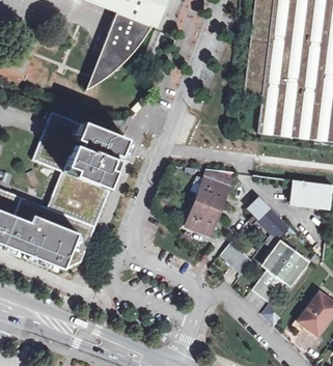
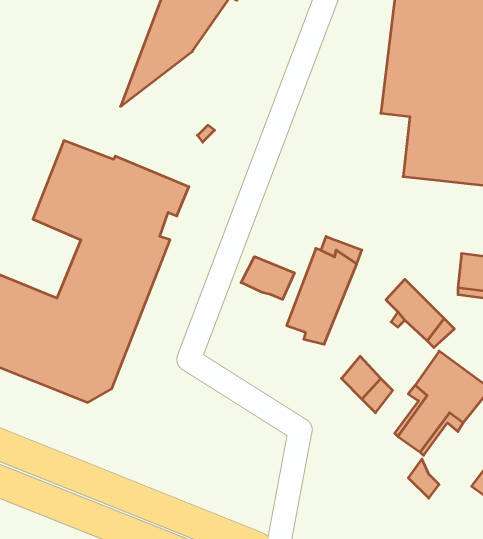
building: none -> [241,257,294,299]

